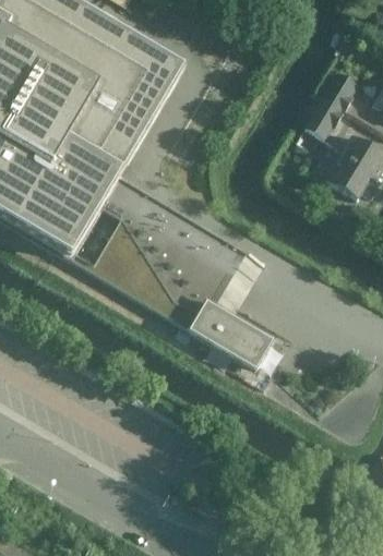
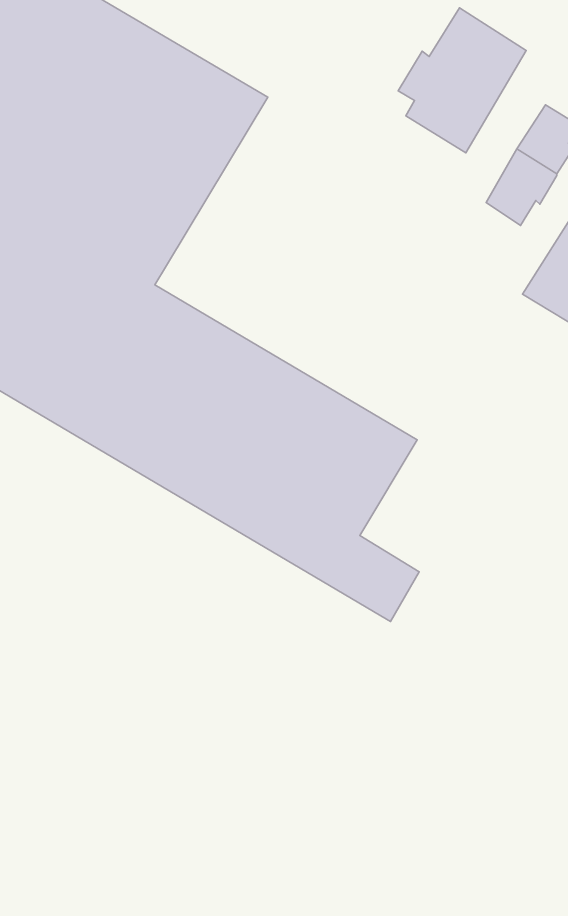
building: none -> [398,8,526,153]

